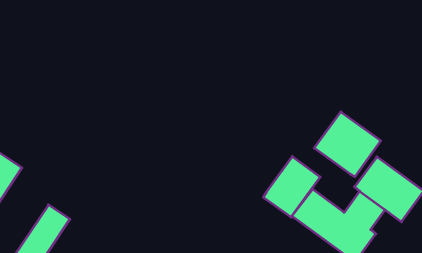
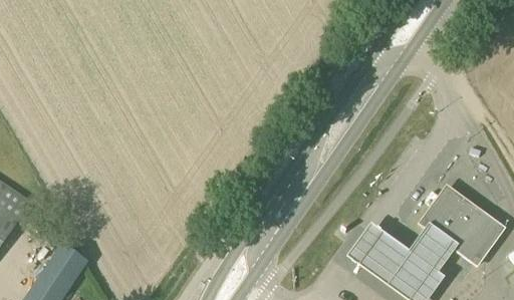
building: [314,112,381,177] -> none
building: [263,156,320,217] -> none

